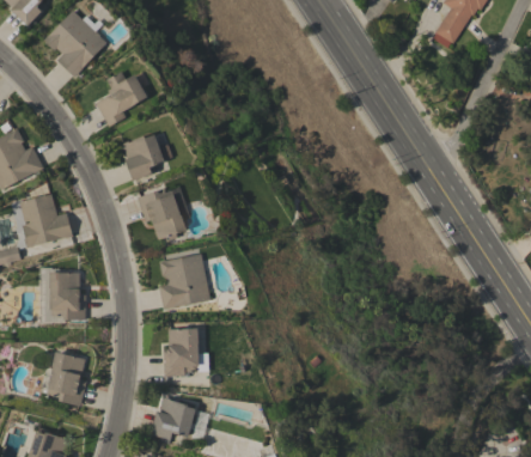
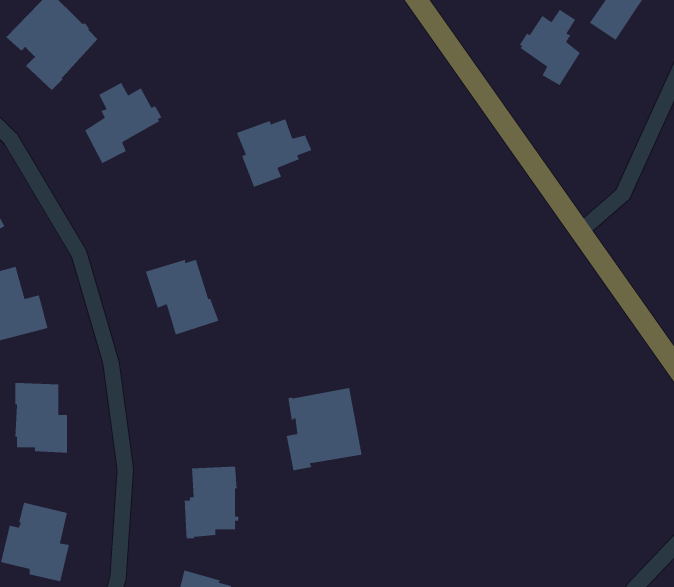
building: none -> [519,9,581,86]
building: [122,134,173,181] -> [236,118,313,188]
building: [159,254,210,310] -> [286,387,362,471]

